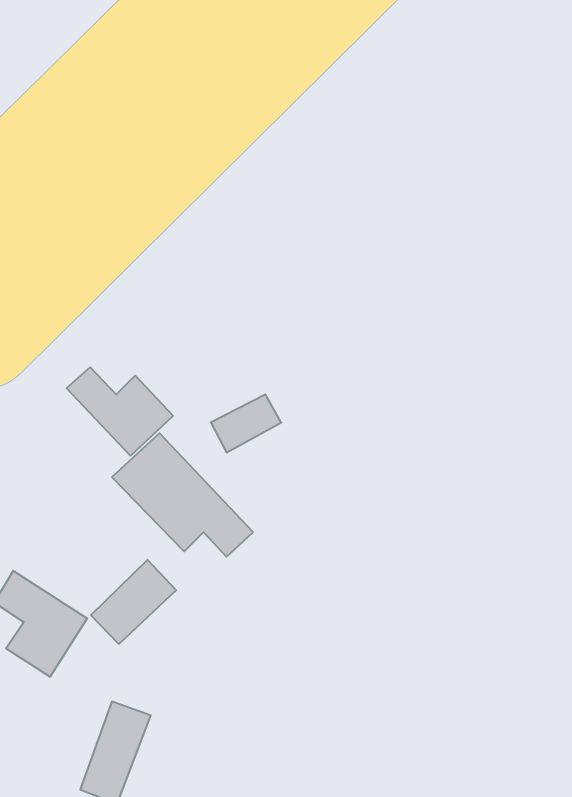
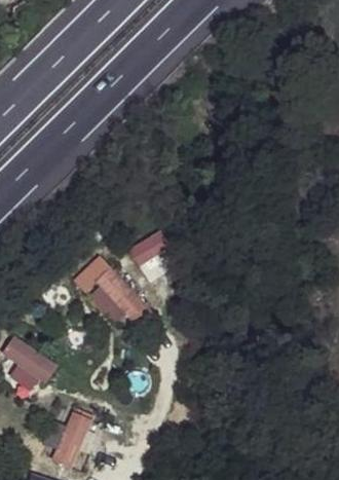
building: [67,367,173,456] -> none
building: [91,560,176,644] -> none

